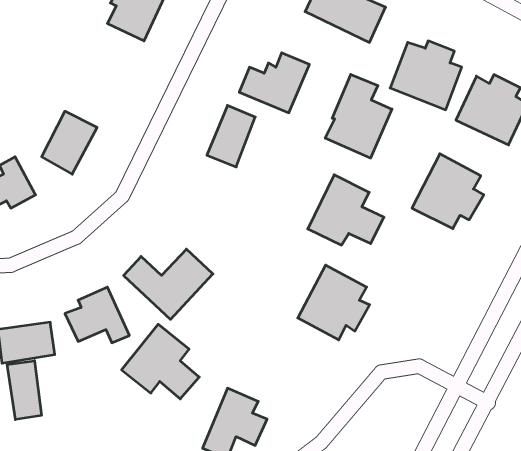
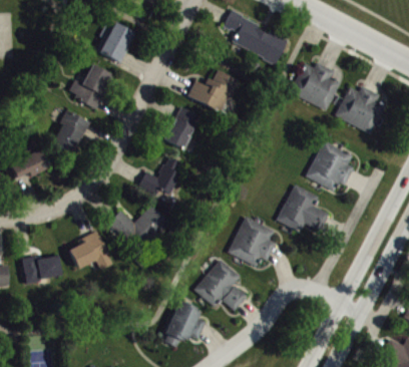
building: none -> [68,65,113,108]
building: [325,74,392,158] -> none
building: [308,175,384,245] -> [277,185,329,233]
building: none -> [140,156,181,199]
building: [122,324,199,399] -> [194,260,248,311]
building: [7,361,41,420] -> none

